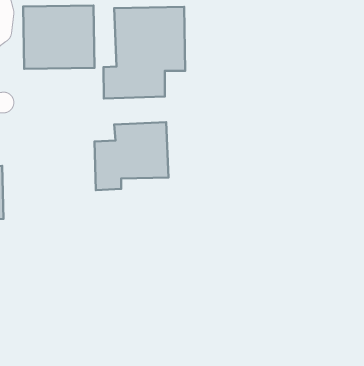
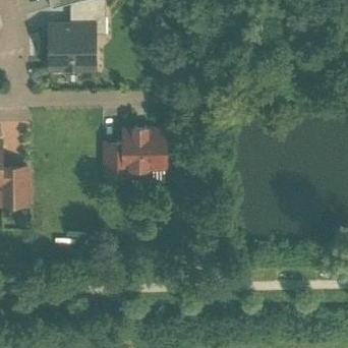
building: [103,7,185,99] -> none

